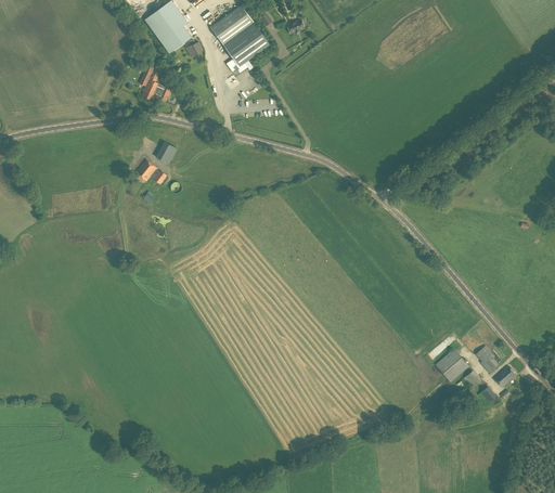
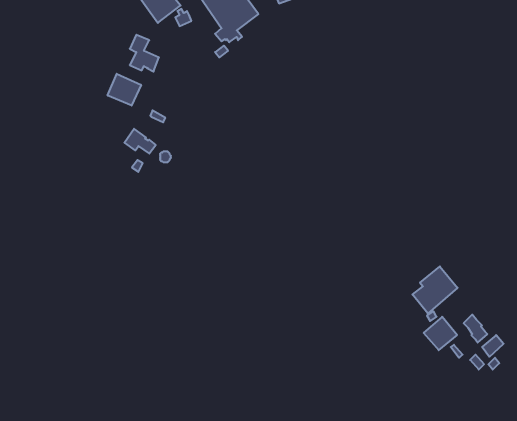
building: none -> [108,74,141,106]
building: none -> [412,266,458,314]

